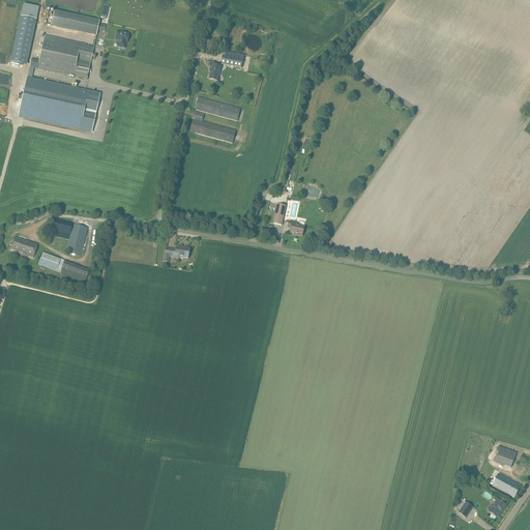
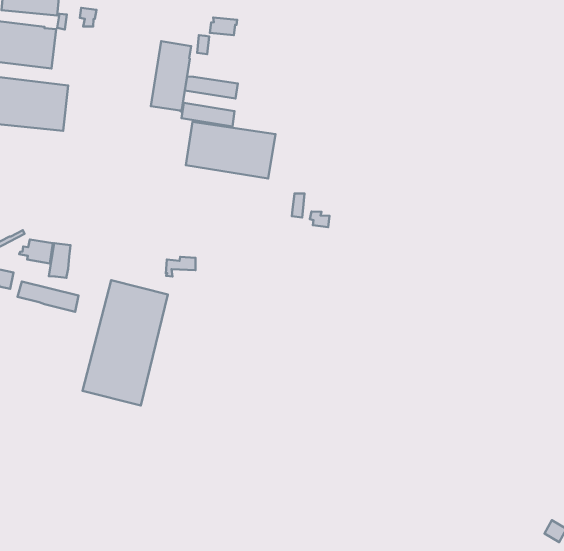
building: none -> [151,41,191,111]
building: none -> [186,122,275,178]
building: none -> [83,280,168,406]

